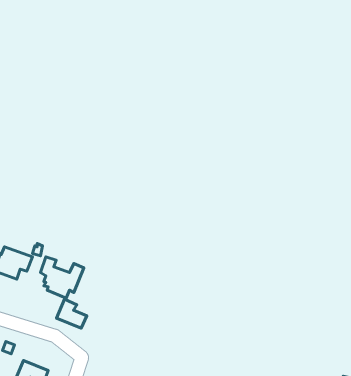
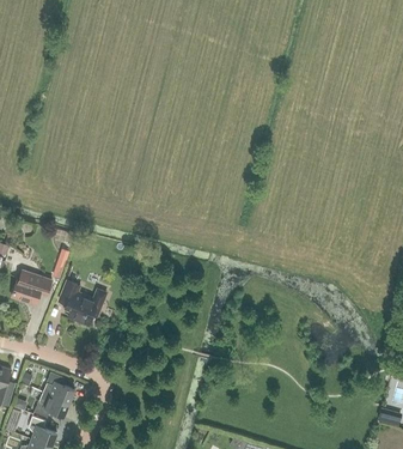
building: [57,299,87,328] -> [43,372,75,404]

